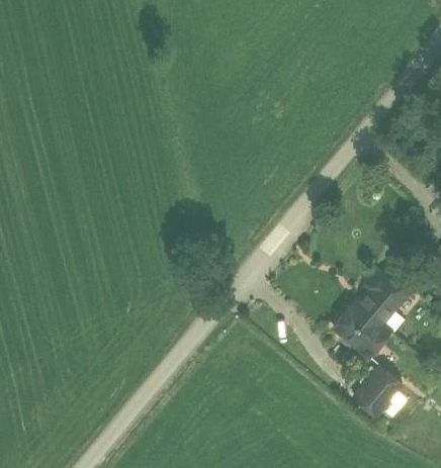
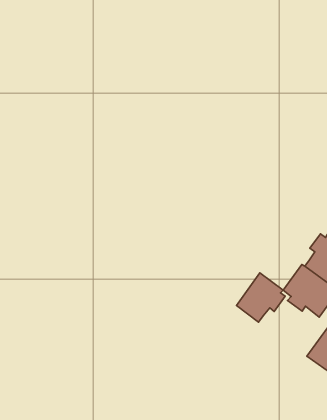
building: none -> [236,273,285,322]

